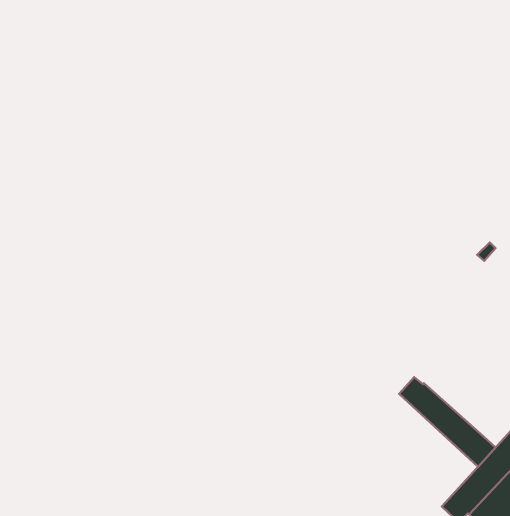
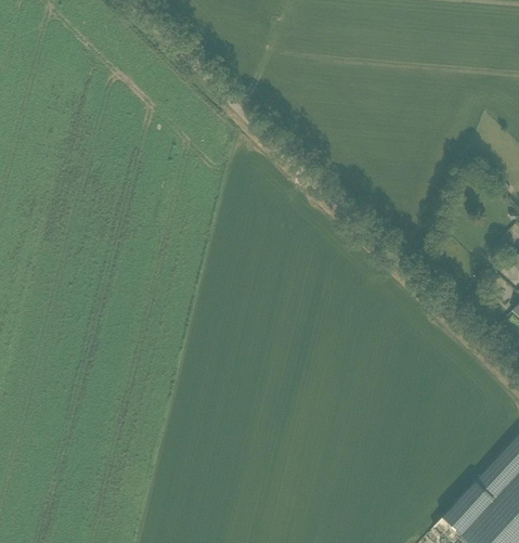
building: [399,377,495,467] -> none

